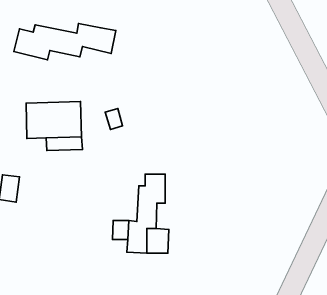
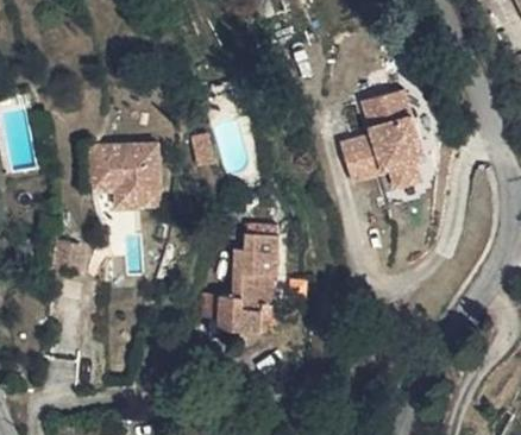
building: [14,24,116,60] -> none
building: none -> [343,93,426,191]

